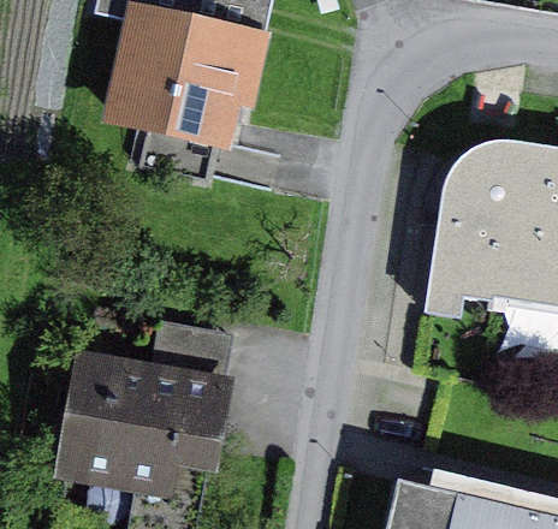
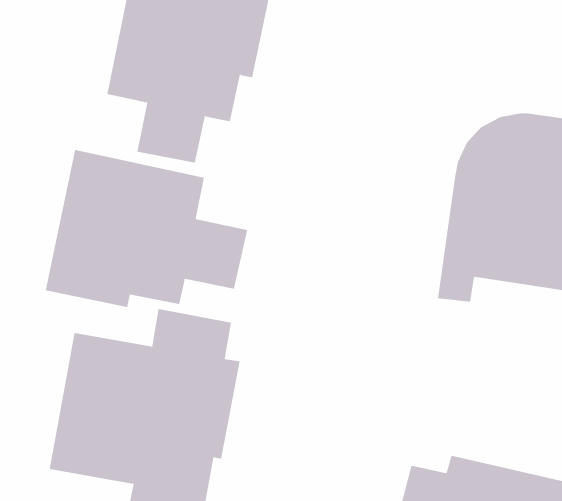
building: none -> [45,149,248,308]

